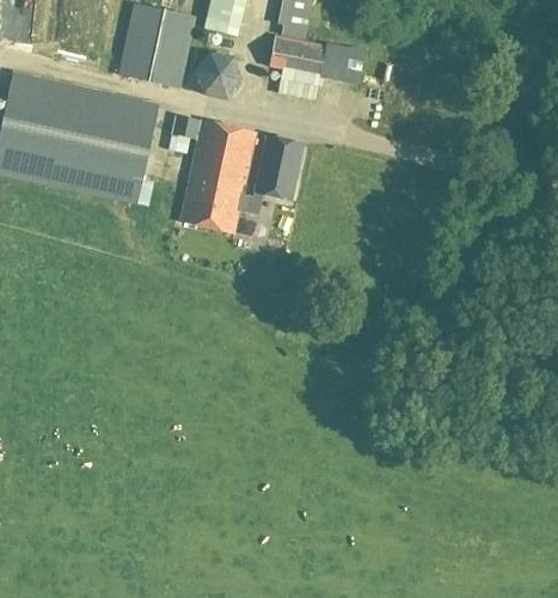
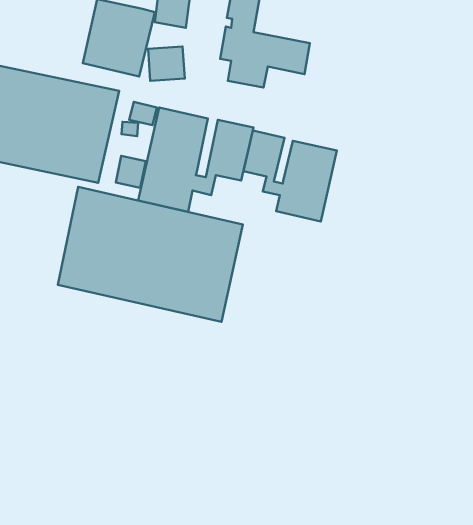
building: none -> [244,131,337,221]
building: none -> [116,156,146,188]
building: none -> [58,187,243,322]

